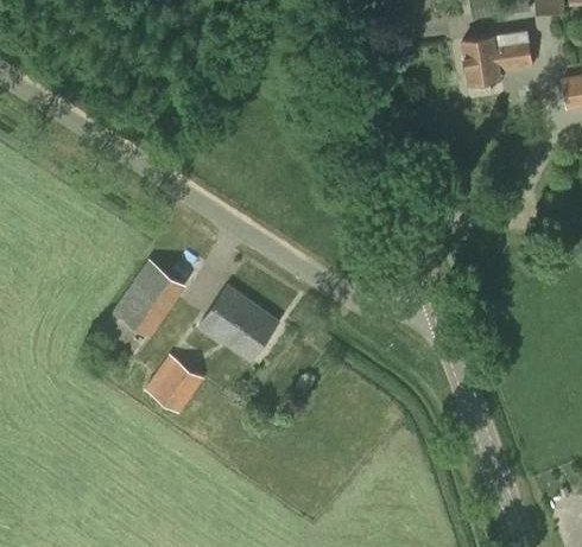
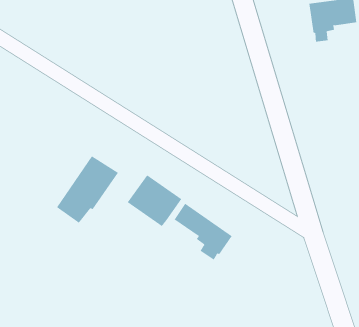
building: none -> [174,203,233,261]
building: [144,354,204,413] -> none

